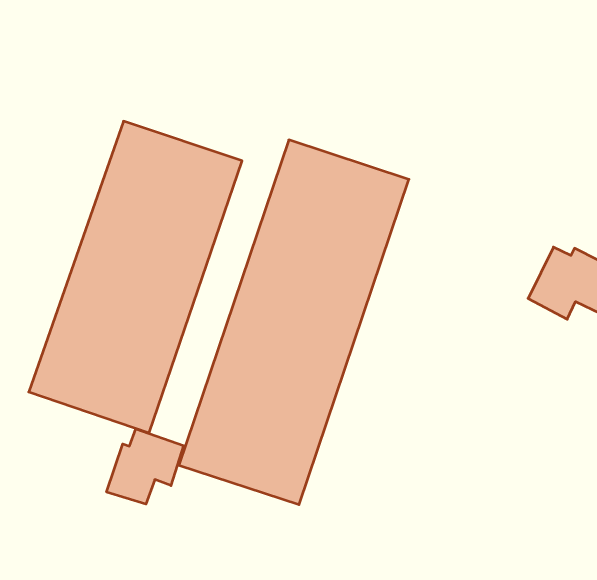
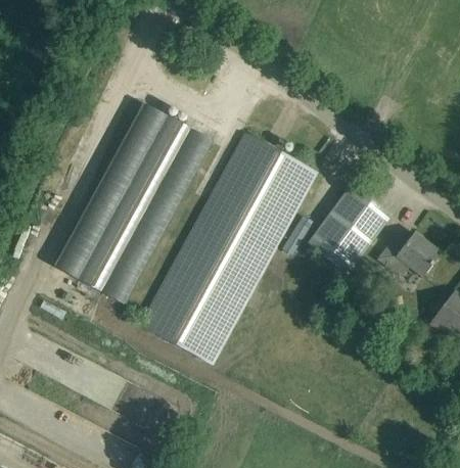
building: none -> [307,185,389,274]
building: [107,429,184,504] -> none

